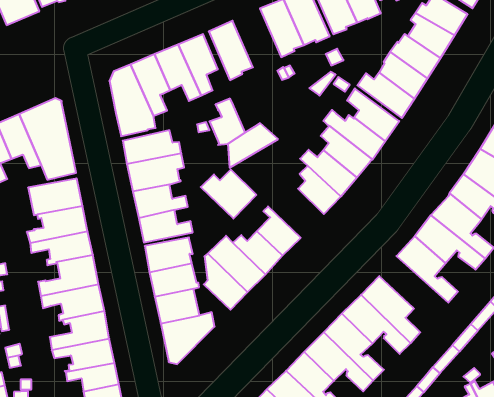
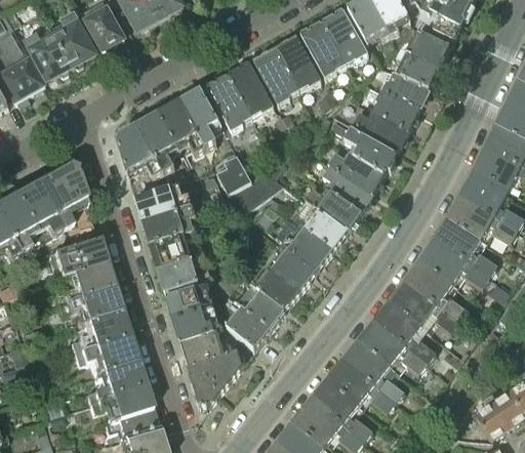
building: none -> [228,61,274,116]
building: [201,170,256,219] -> [279,226,332,273]
building: none -> [391,281,458,331]

